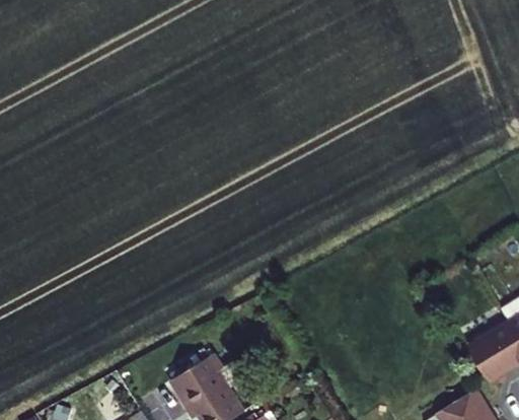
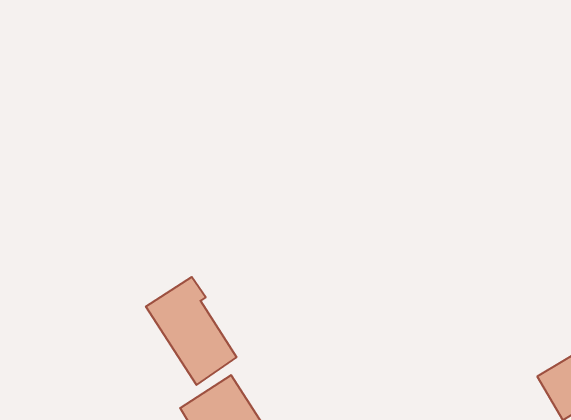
building: none -> [146,277,236,385]

